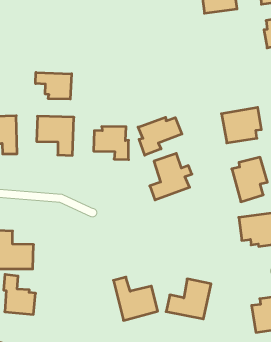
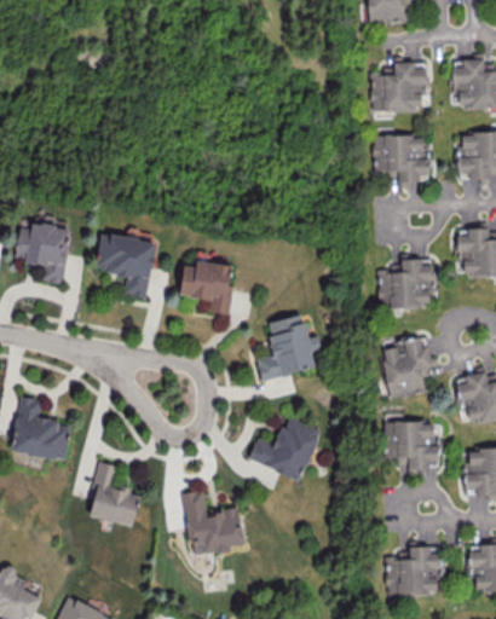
building: none -> [373,134,431,184]
building: [36,72,72,99] -> none
building: [138,117,182,155] -> none
building: [4,274,36,314] -> [91,461,140,526]
building: [166,279,211,319] -> [248,416,321,479]

